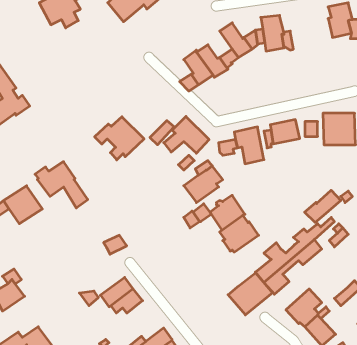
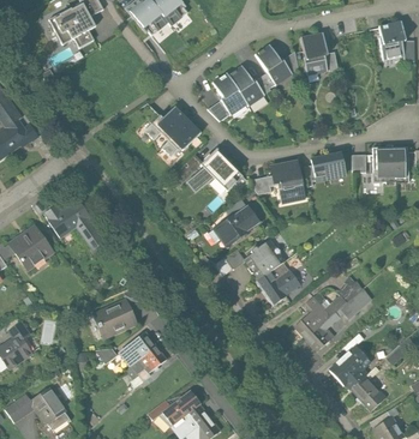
building: [95,117,144,160] -> [144,108,200,157]
building: [305,190,341,222] -> none
building: none -> [92,300,133,337]
building: [228,273,273,315] -> none

